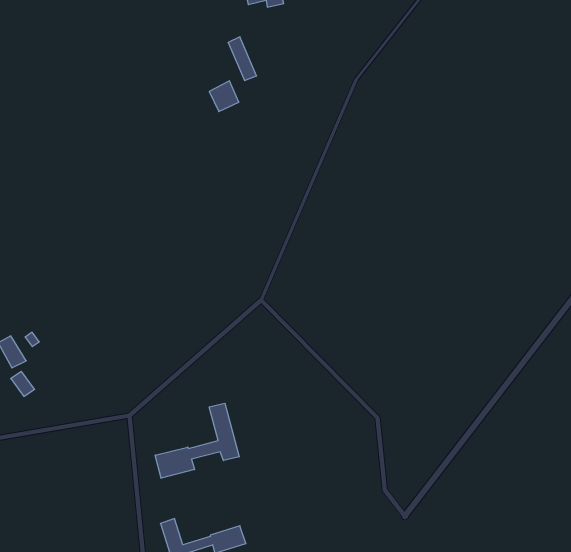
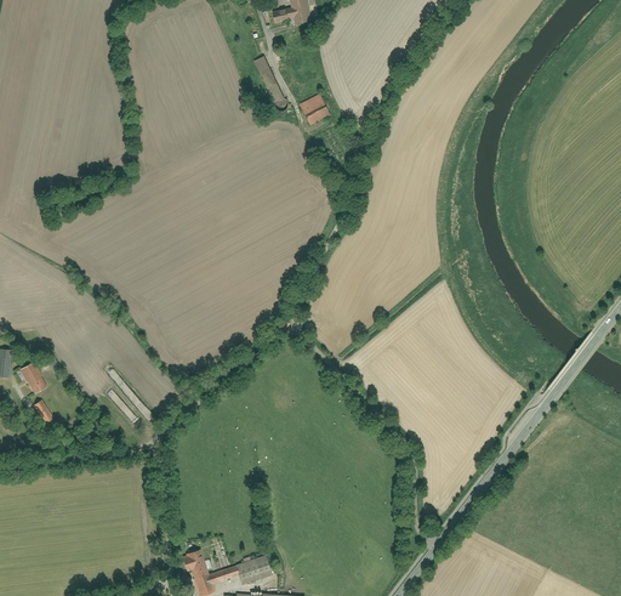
building: [209,81,239,112] -> [298,95,329,126]
building: [155,403,239,478] -> none

